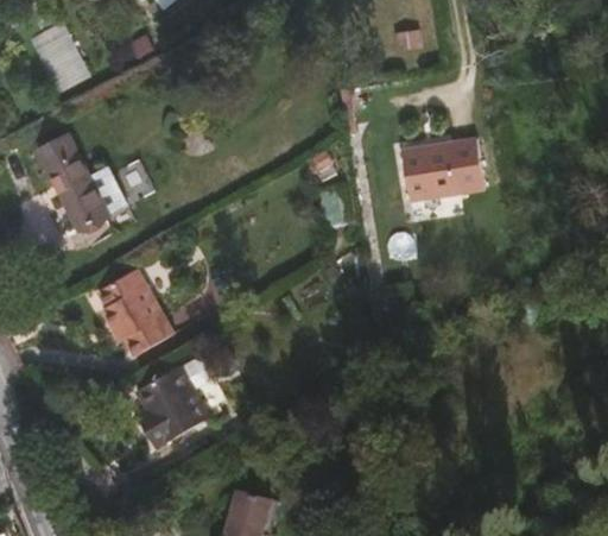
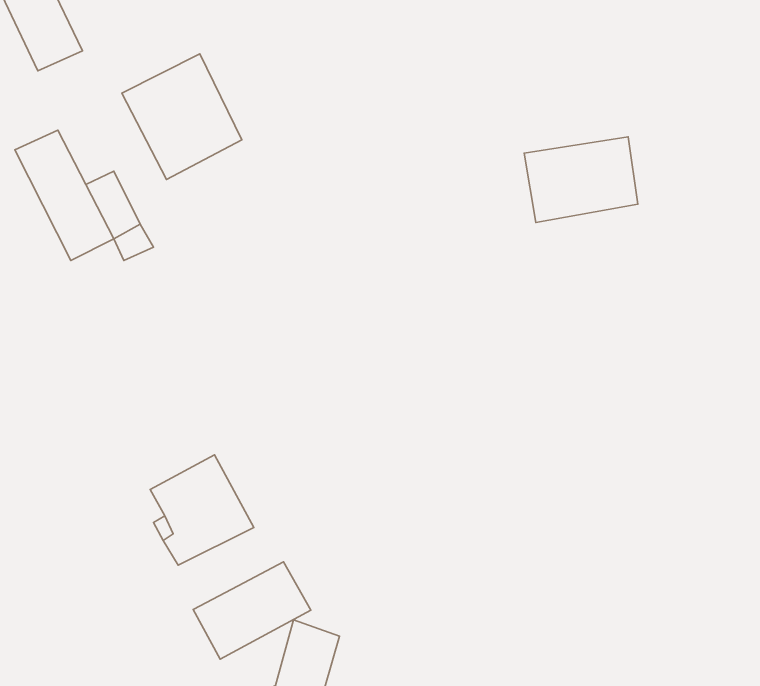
building: none -> [122,54,242,179]
building: [99,271,173,357] -> none
building: none -> [193,562,311,659]

